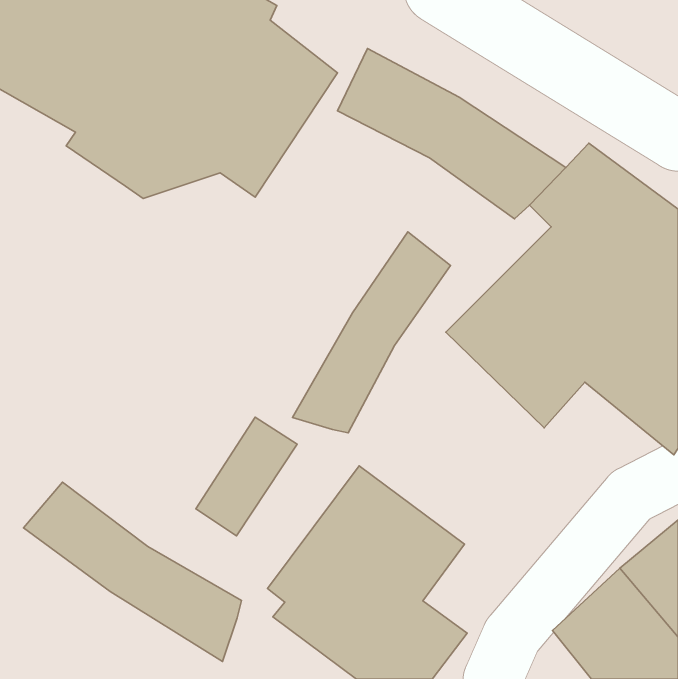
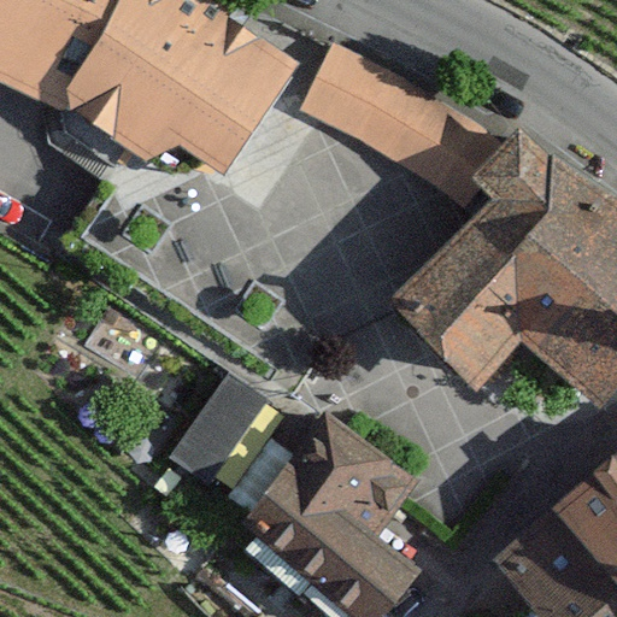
building: [293,232,450,433] -> none
building: [24,482,242,661] -> none

